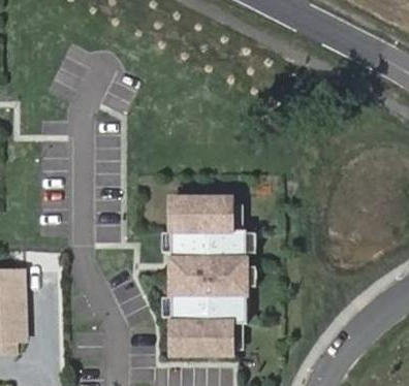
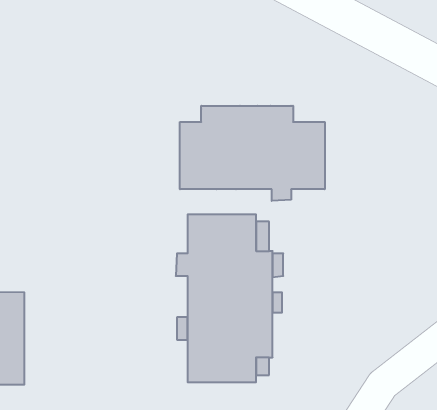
building: none -> [180,106,325,201]

